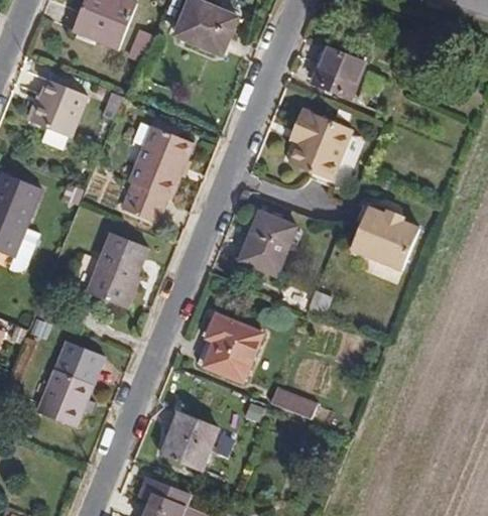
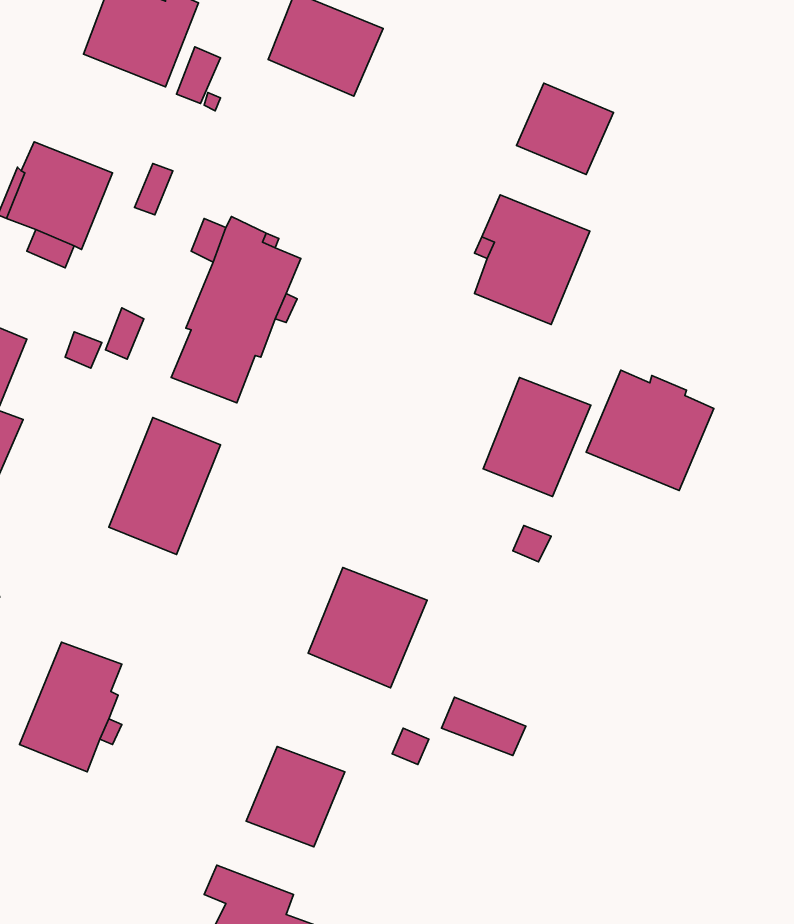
building: [238,210,297,275] -> [483,378,591,496]

